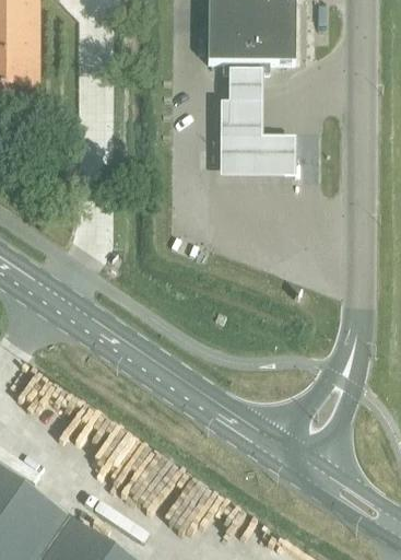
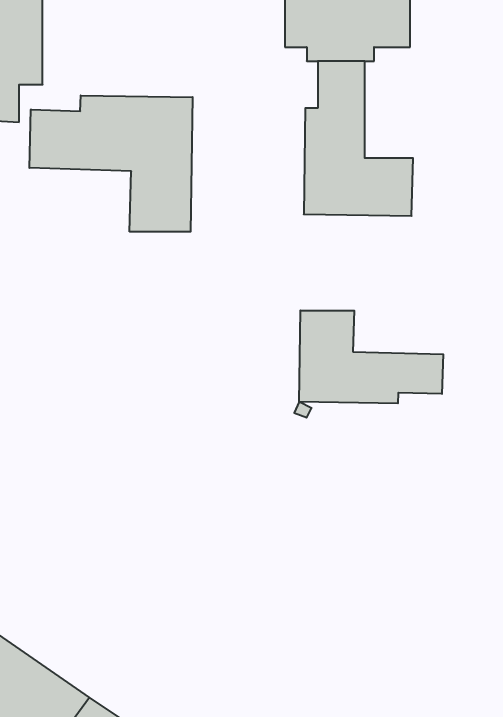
building: none -> [29,95,193,232]
building: none -> [299,310,443,403]

